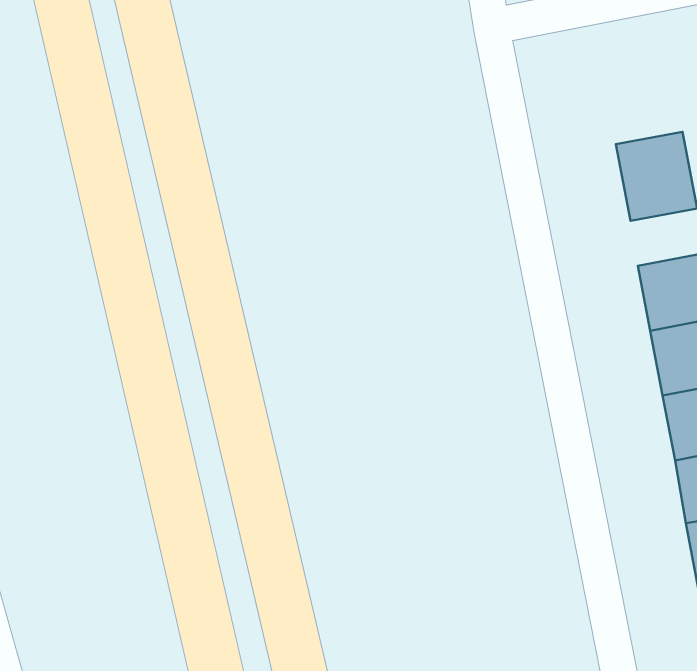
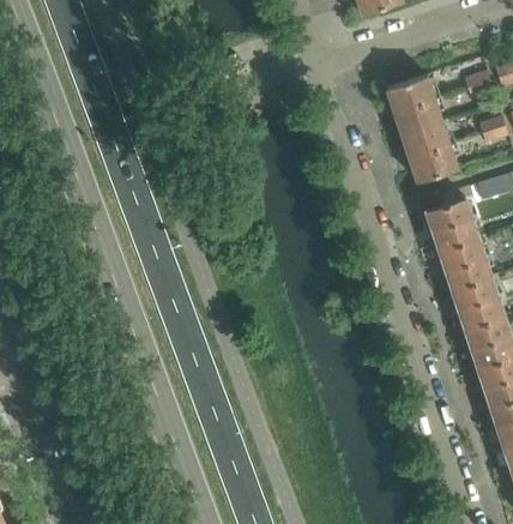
building: none -> [386,74,442,134]

